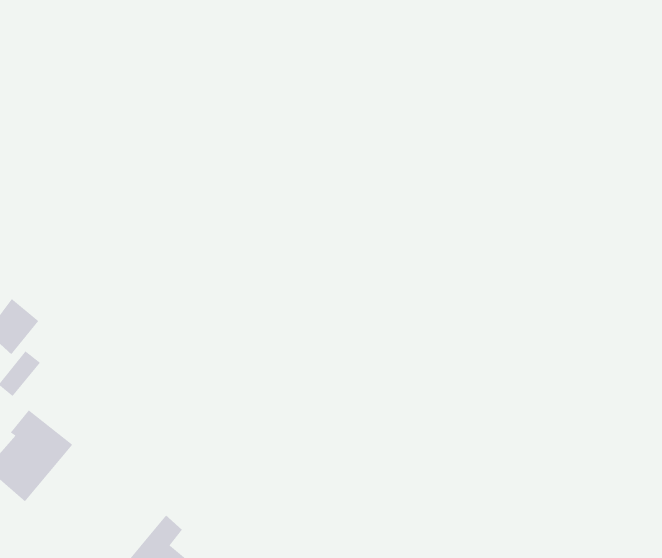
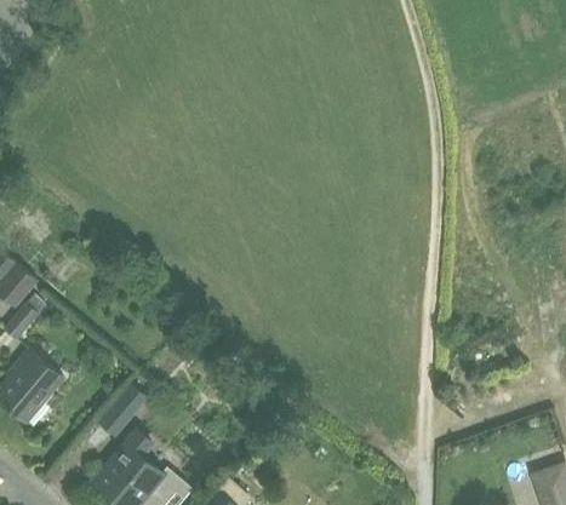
building: none -> [99,385,145,435]

